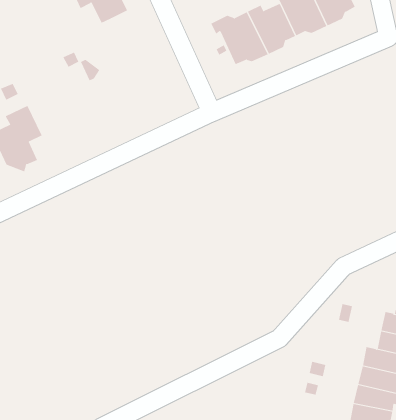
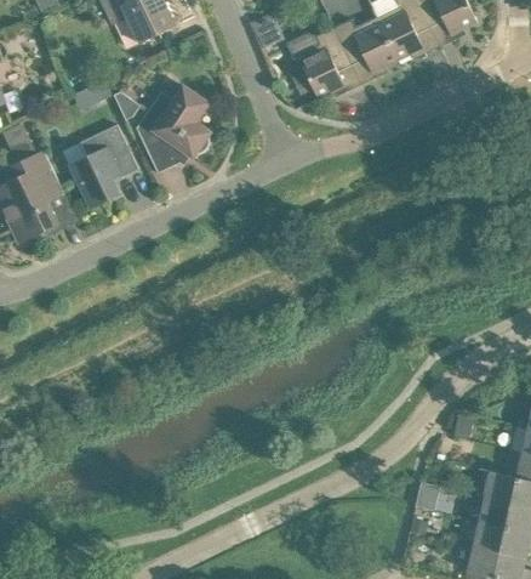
building: none -> [135,84,210,172]
building: none -> [68,125,137,209]

